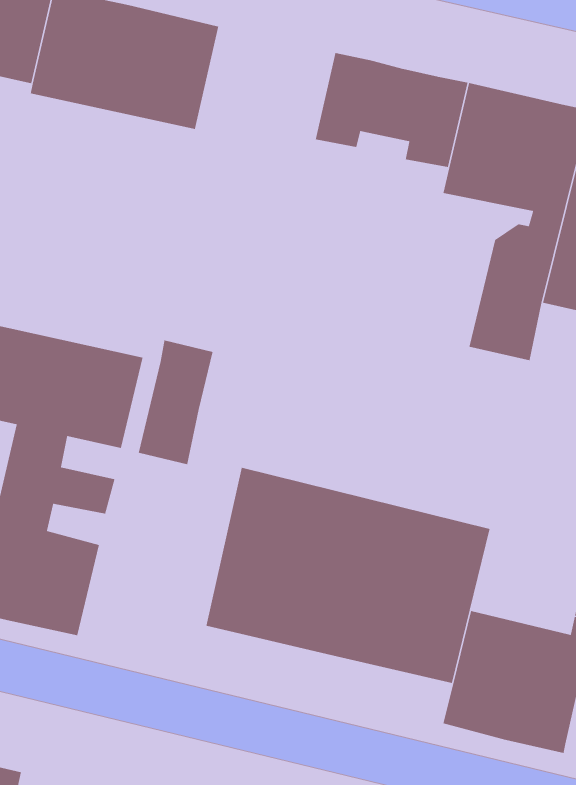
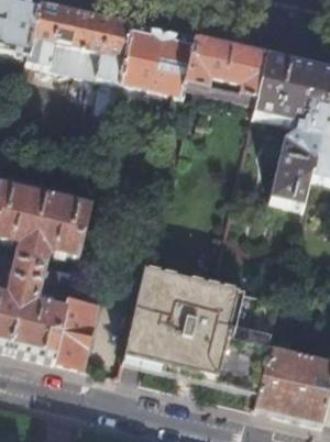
building: none -> [118,21,195,95]
building: [138,340,214,465] -> [53,295,95,364]

